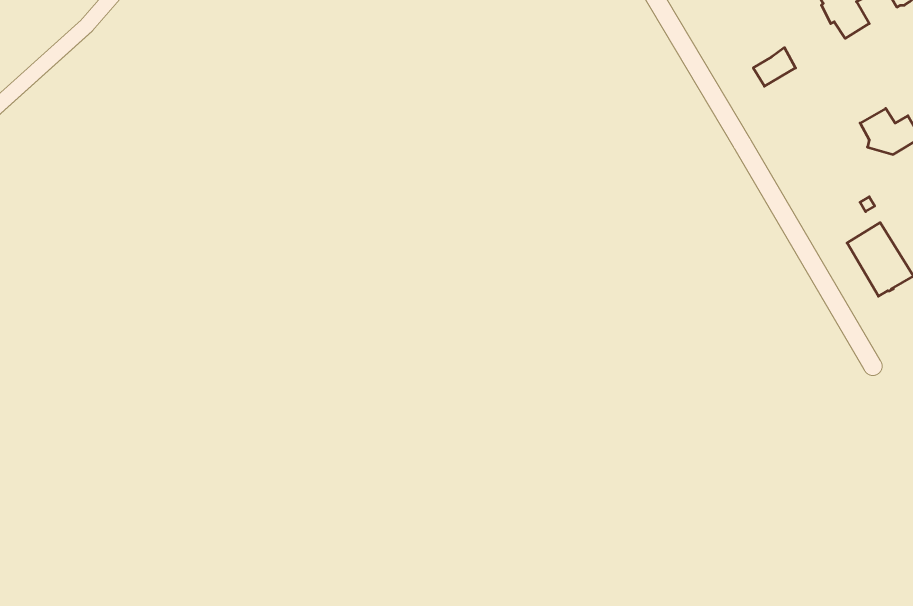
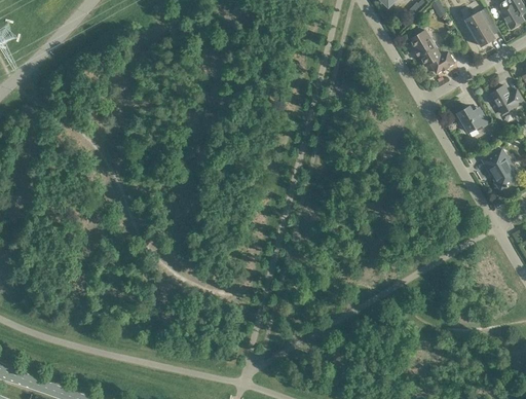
building: none -> [409,30,440,66]
building: none -> [456,106,487,133]

